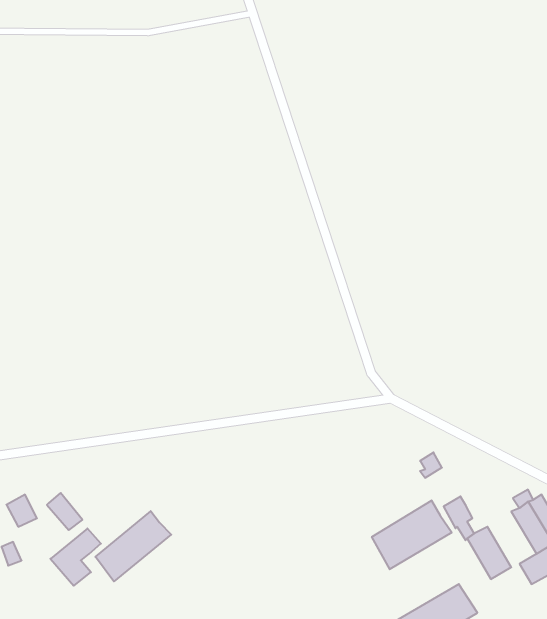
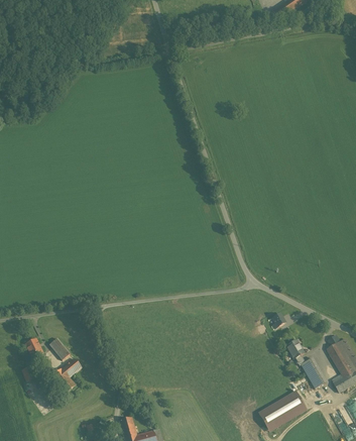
building: [372,500,452,569] -> none
building: [95,511,171,581] -> none

